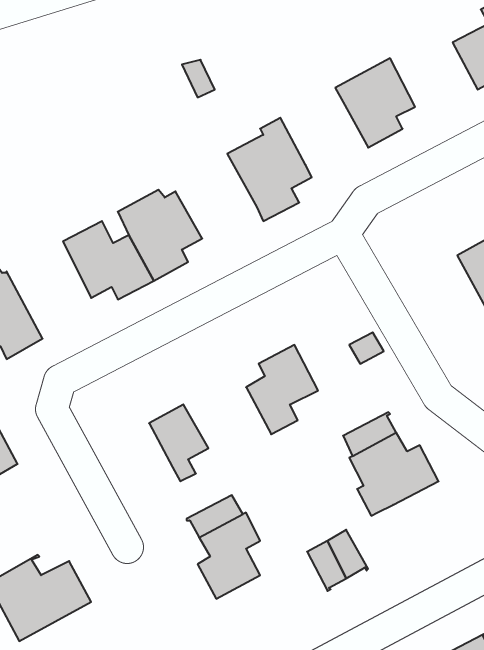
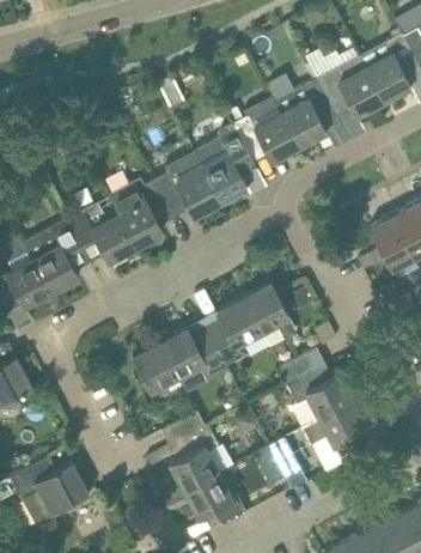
building: none -> [318,56,385,117]
building: none -> [234,113,301,163]
building: none -> [154,152,221,218]
building: none -> [25,219,90,293]
building: none -> [245,284,297,348]
building: none -> [160,329,227,377]
building: none -> [321,402,370,448]
building: none -> [185,474,233,519]

